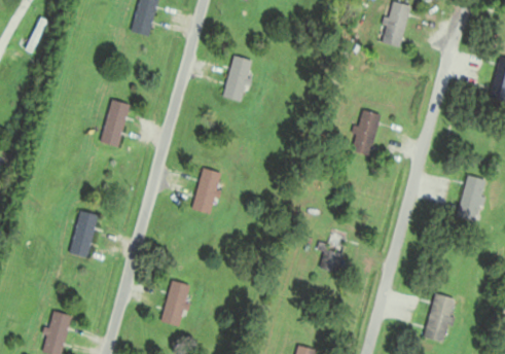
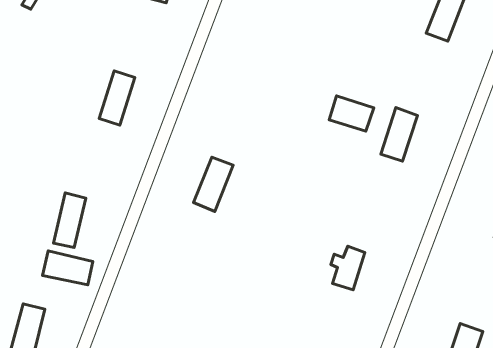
building: [223,56,251,101] -> none
building: none -> [329,96,374,131]
building: none -> [42,251,93,285]
building: [161,281,189,326] -> none

